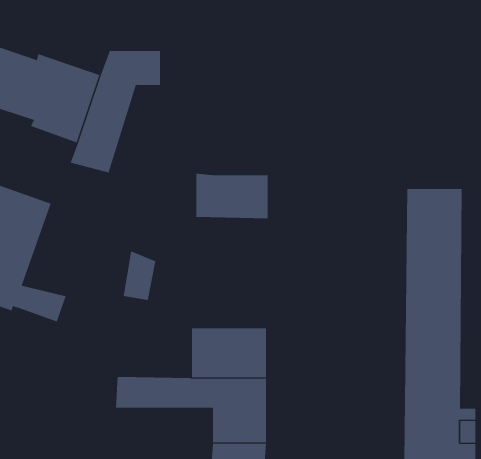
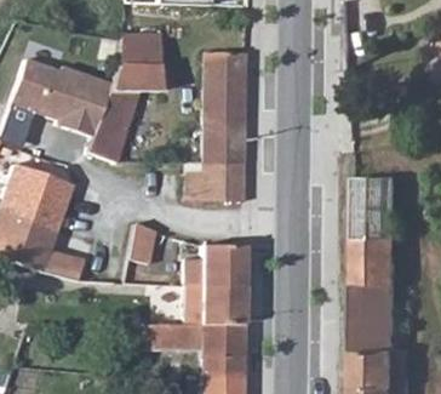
building: none -> [116,34,158,64]
building: none -> [199,53,246,164]
building: none -> [182,246,244,286]

